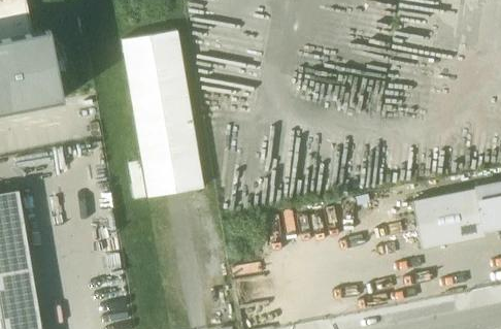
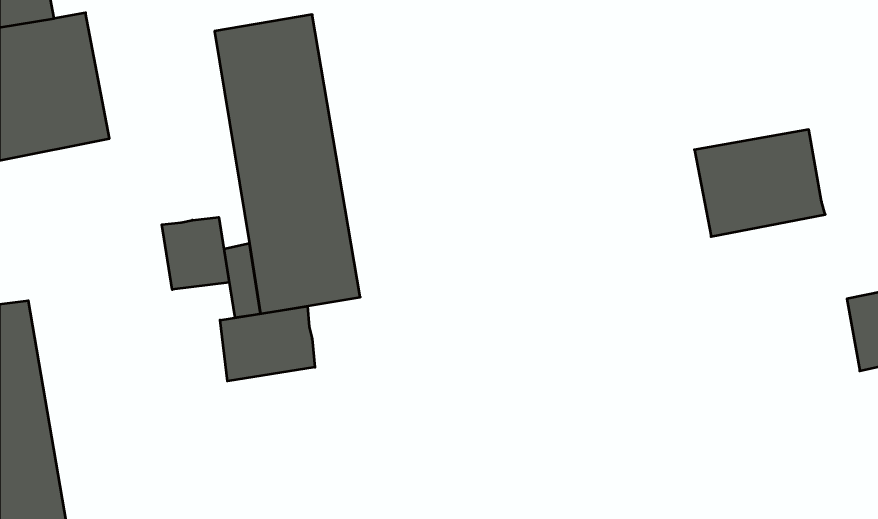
building: none -> [162,217,229,290]
building: [410,190,483,250] -> [694,130,825,237]
building: none -> [220,306,315,381]

